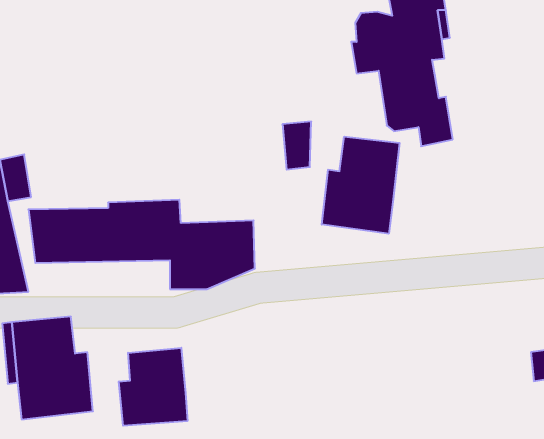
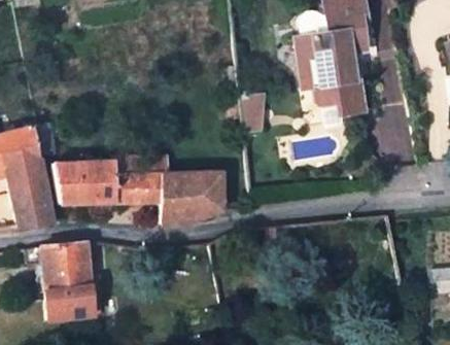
building: [322,137,400,234] -> none
building: [119,348,187,426] -> none

